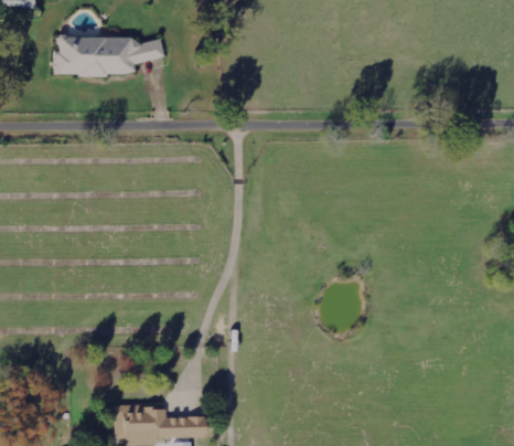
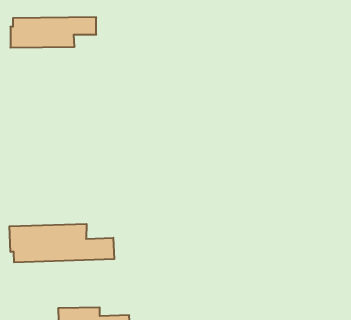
building: none -> [9,224,114,262]

